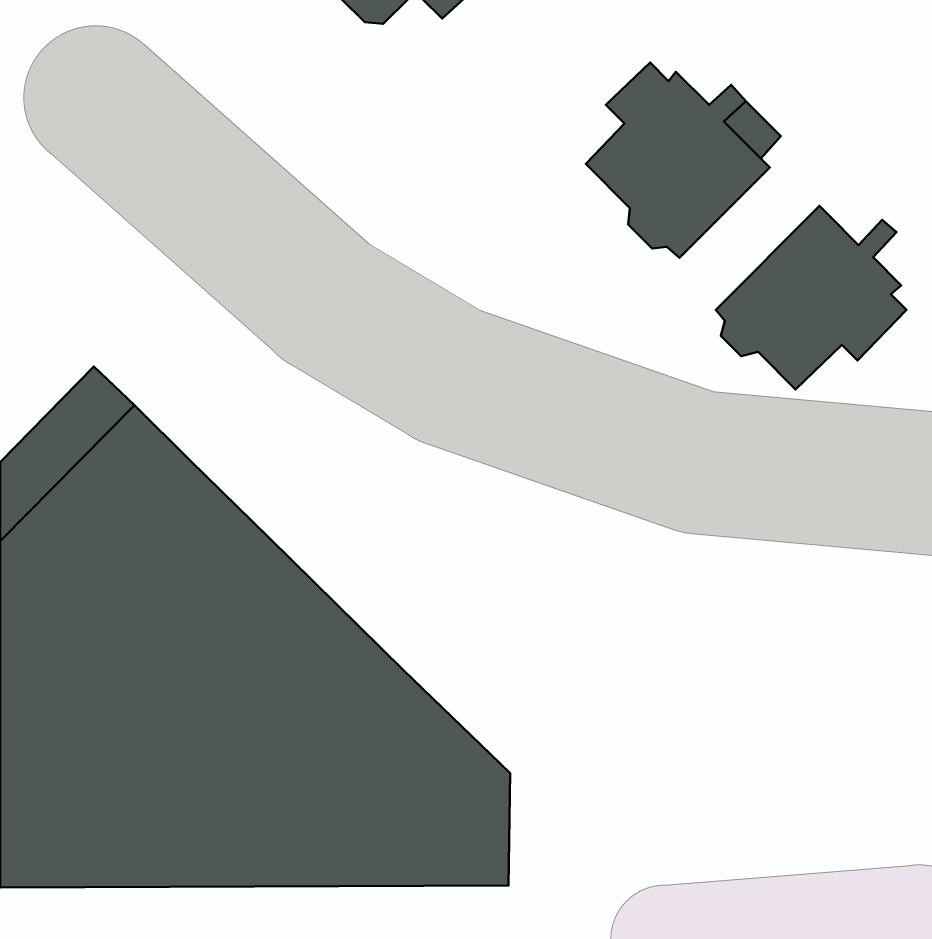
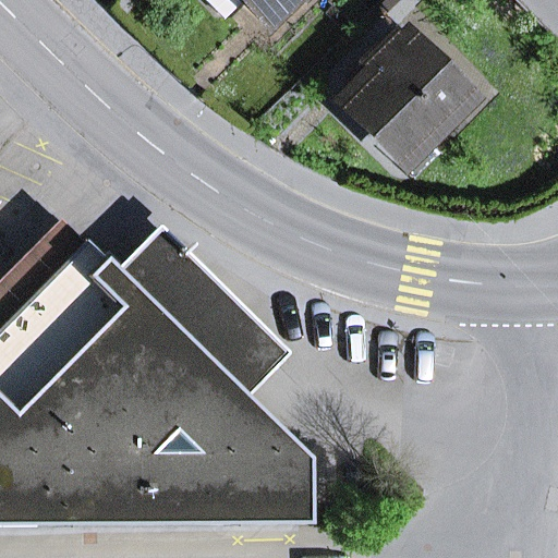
building: [716,206,906,389] -> none
building: none -> [118,229,287,397]

